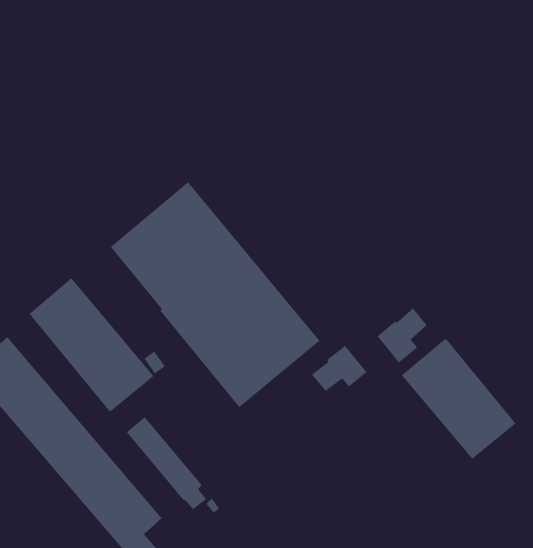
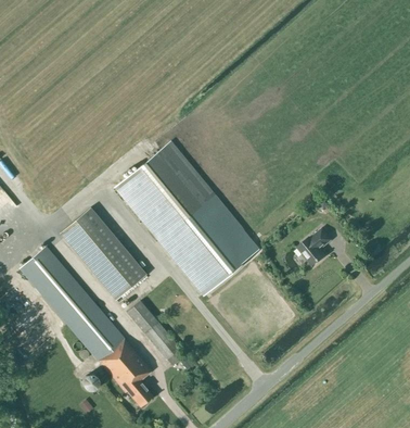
building: [401,337,517,460] -> none
building: [311,345,368,392] -> none

